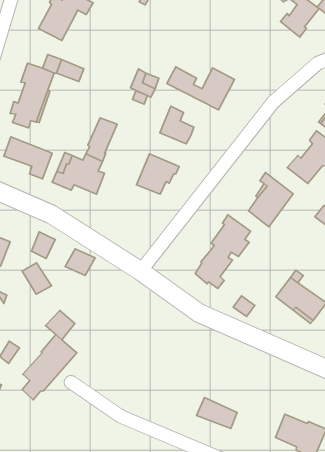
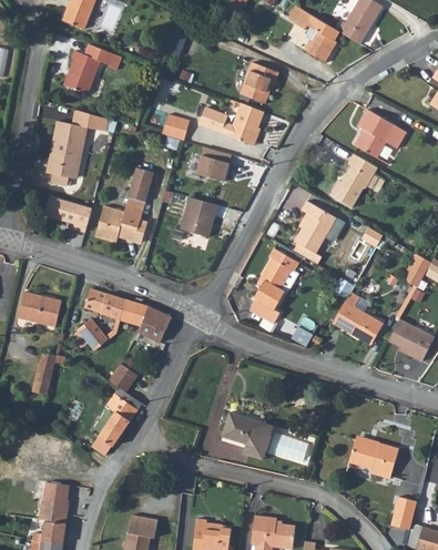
building: none -> [238,62,278,103]
building: none -> [99,293,126,318]
building: none -> [137,306,171,342]
building: none -> [222,411,273,457]

